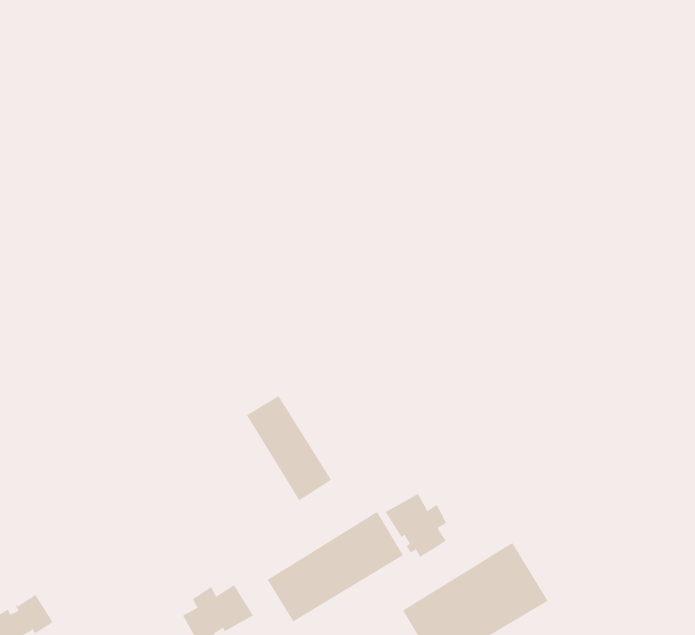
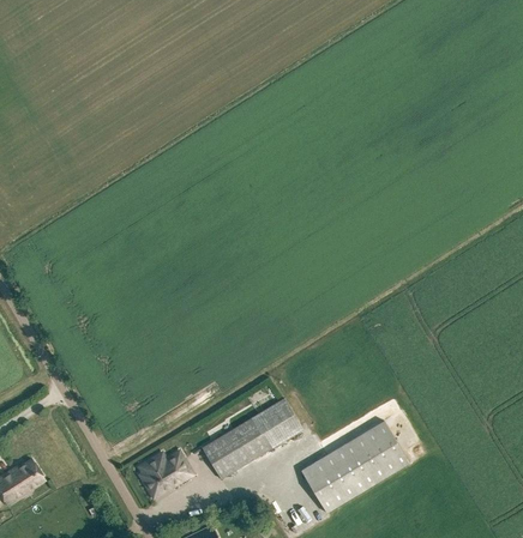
building: [246,395,332,501] -> none
building: [385,493,447,558] -> none

